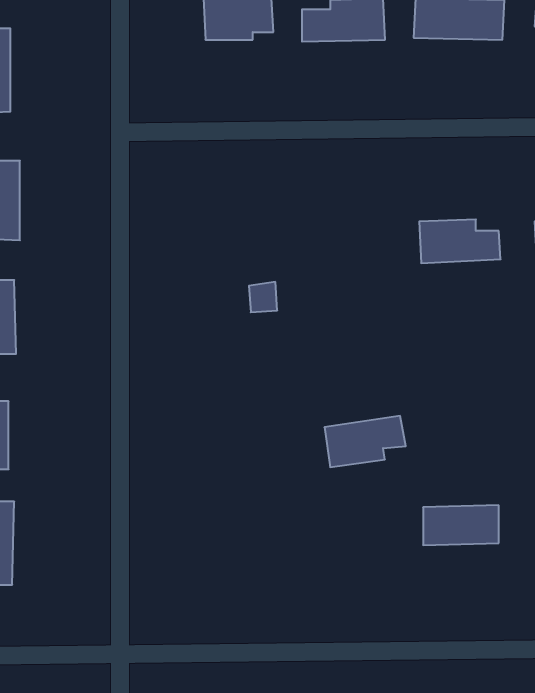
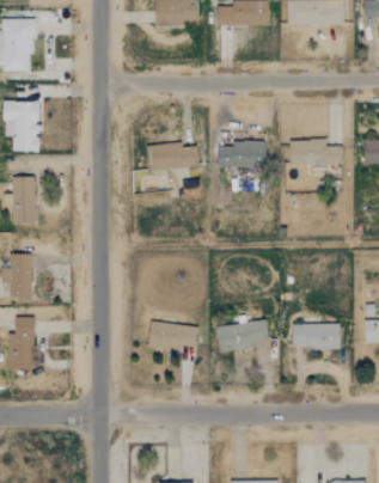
building: none -> [218,141,267,170]
building: none -> [151,145,198,170]
building: [324,416,406,467] -> [218,319,269,351]
building: none -> [149,319,200,350]

